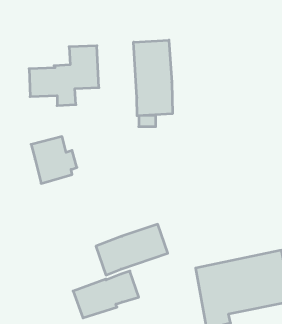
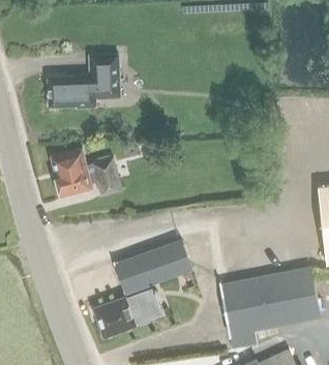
building: [134,40,172,116] -> none
building: none -> [92,156,122,195]

